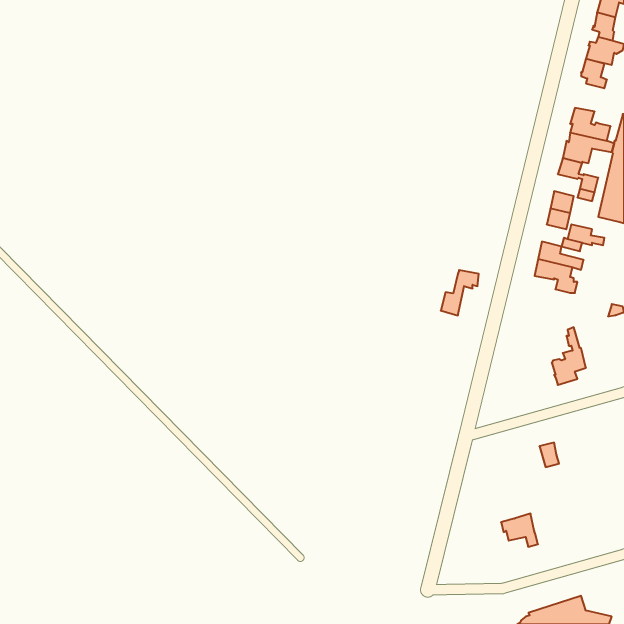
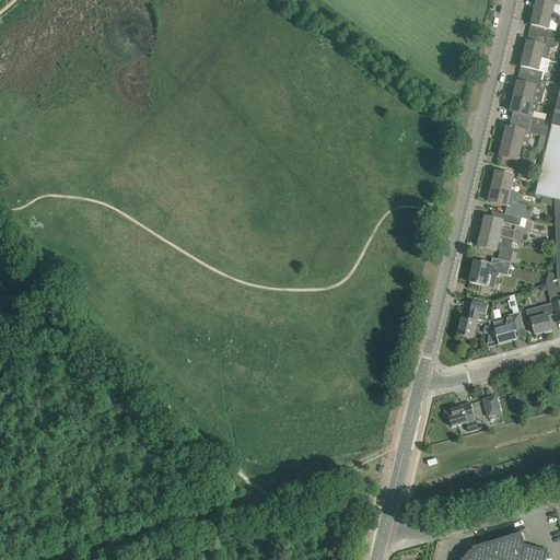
building: none -> [513,74,552,100]
building: [441,270,479,315] -> [456,298,490,338]
building: none -> [468,258,509,285]
building: none -> [524,302,552,334]
building: [501,514,538,547] -> [443,401,476,431]

